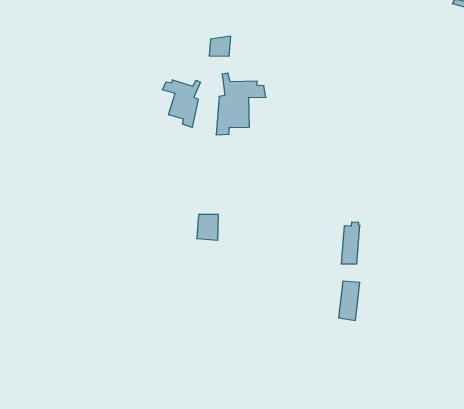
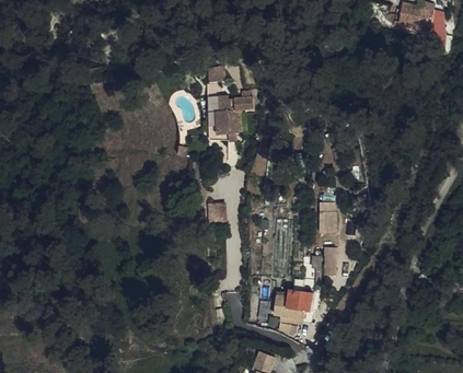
building: [162,80,200,127] -> none
building: none -> [273,289,312,319]

